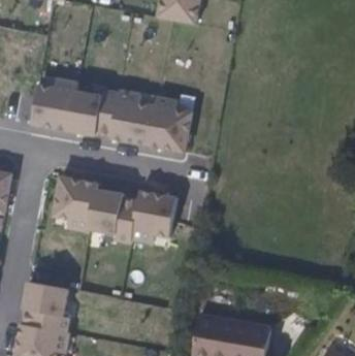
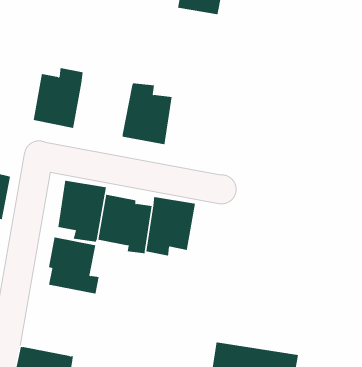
building: [68,88,119,133] -> none
building: [149,95,193,150] -> none
building: [23,278,68,328] -> [48,237,100,294]

